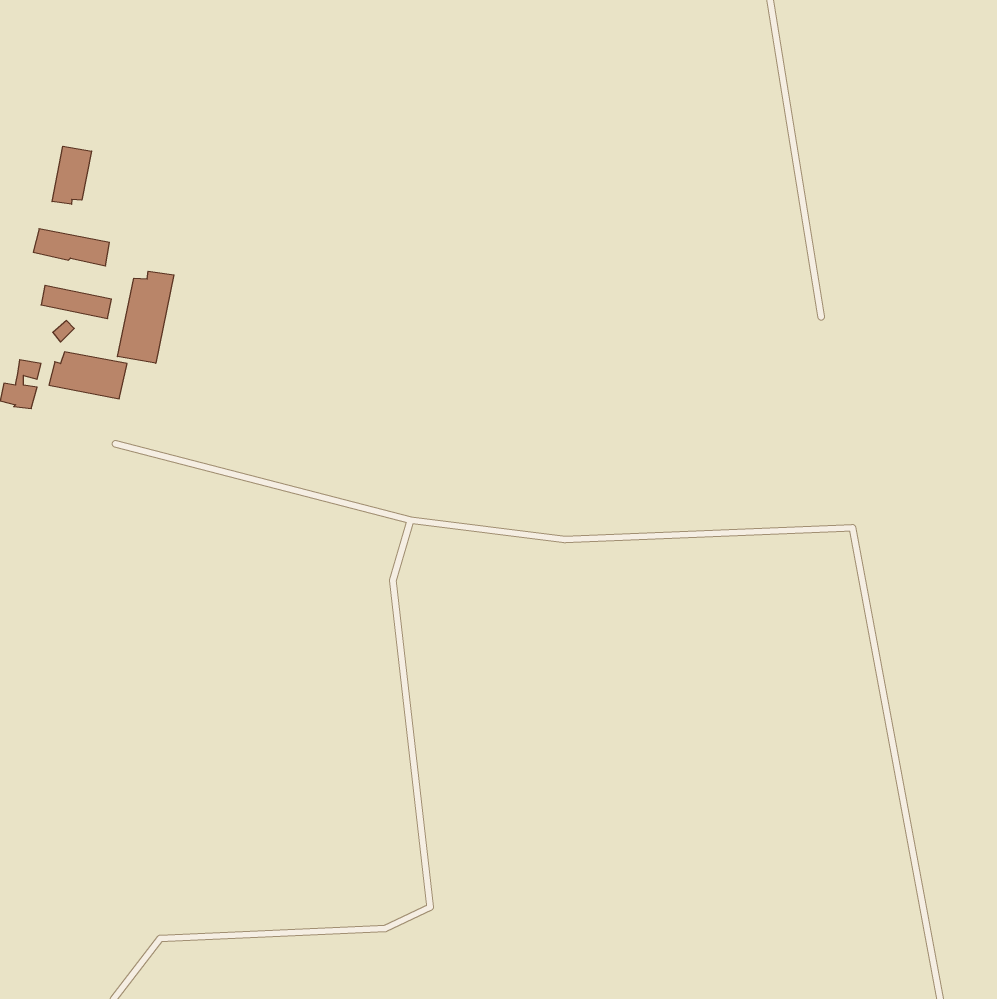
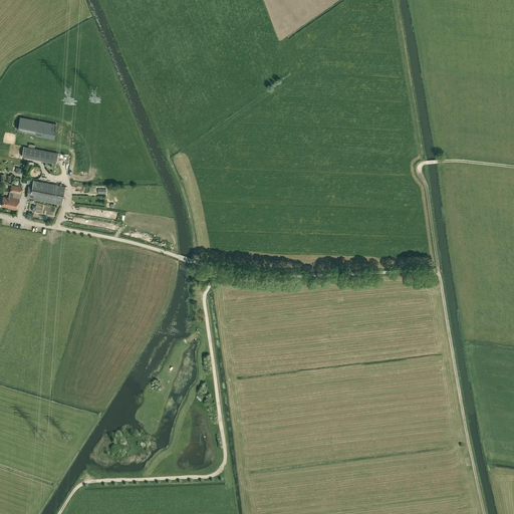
building: [52,146,92,204] -> none
building: [117,271,174,363] -> none

